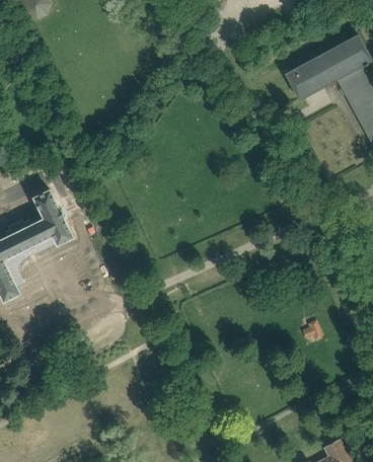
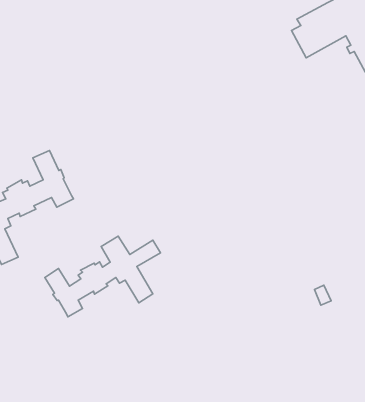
building: none -> [45,236,160,317]

